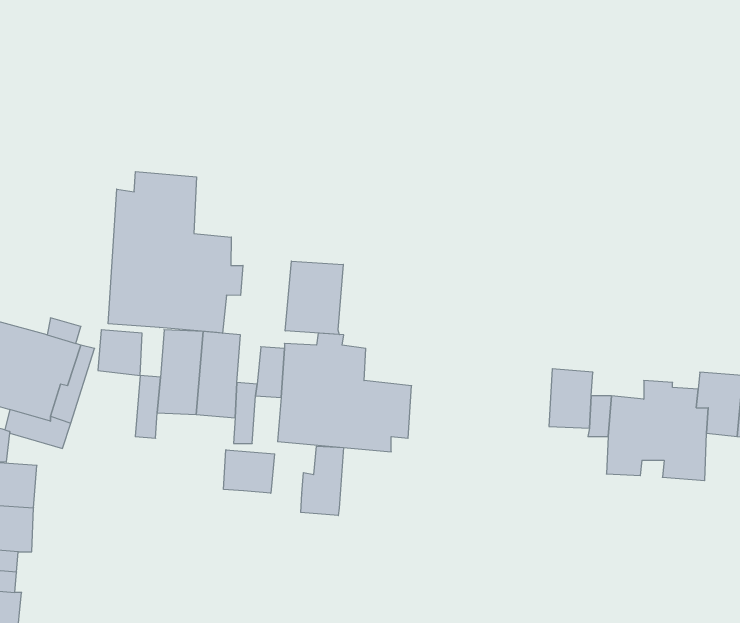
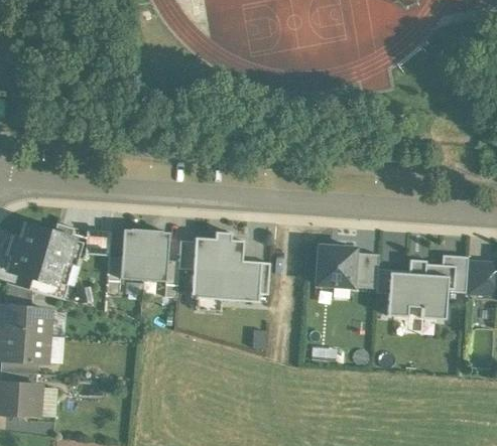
building: [108,172,243,333] -> none
building: [285,261,343,335] -> none
building: none -> [317,246,356,287]
building: [301,446,343,516] -> none
building: [224,450,275,493] -> none

